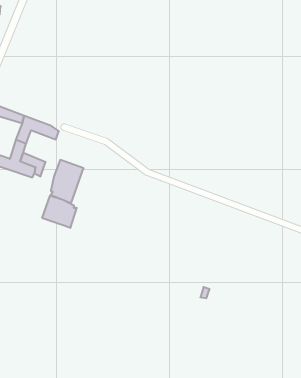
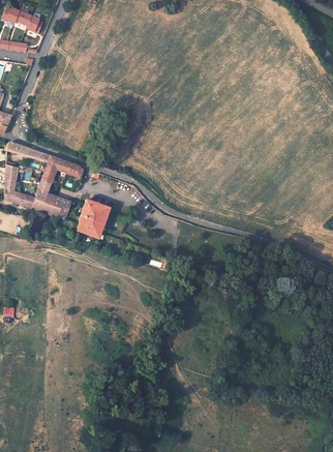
building: [42,196,77,228] -> none

